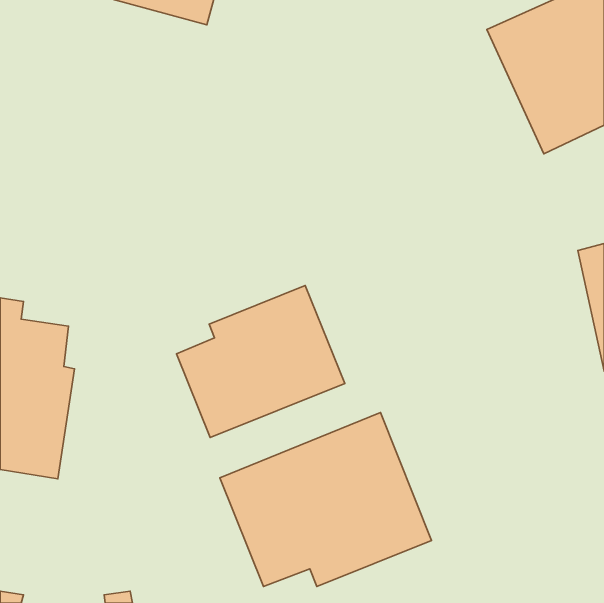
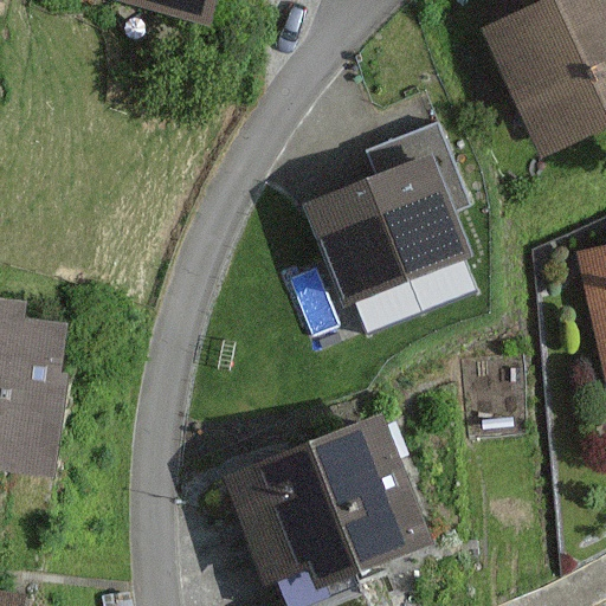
building: none -> [308,156,465,302]
building: [176,285,345,437] -> none

